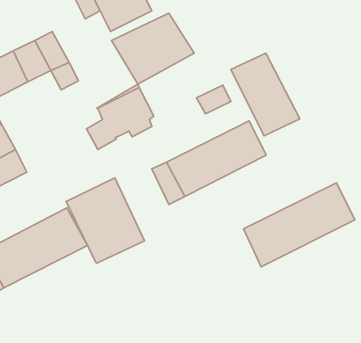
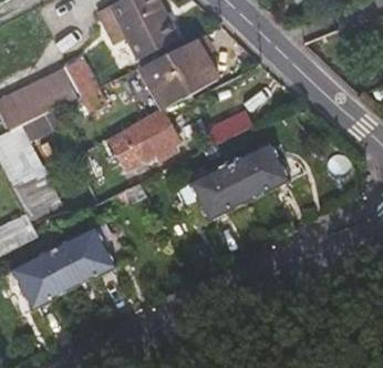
building: [231,53,300,136] -> none
building: [66,178,145,263] -> none
building: [243,183,355,267] -> none

